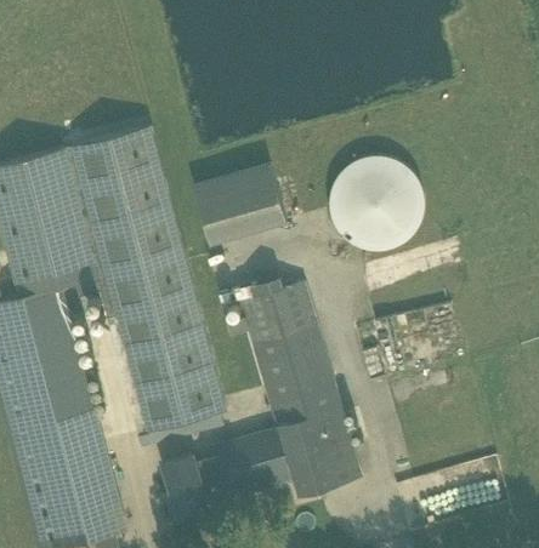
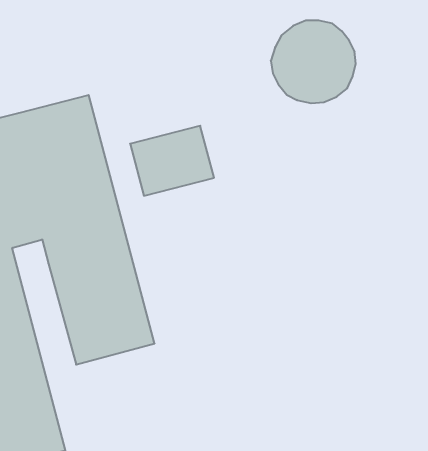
building: [325,156,422,251] -> [271,20,356,103]
building: [161,281,359,524] -> none

